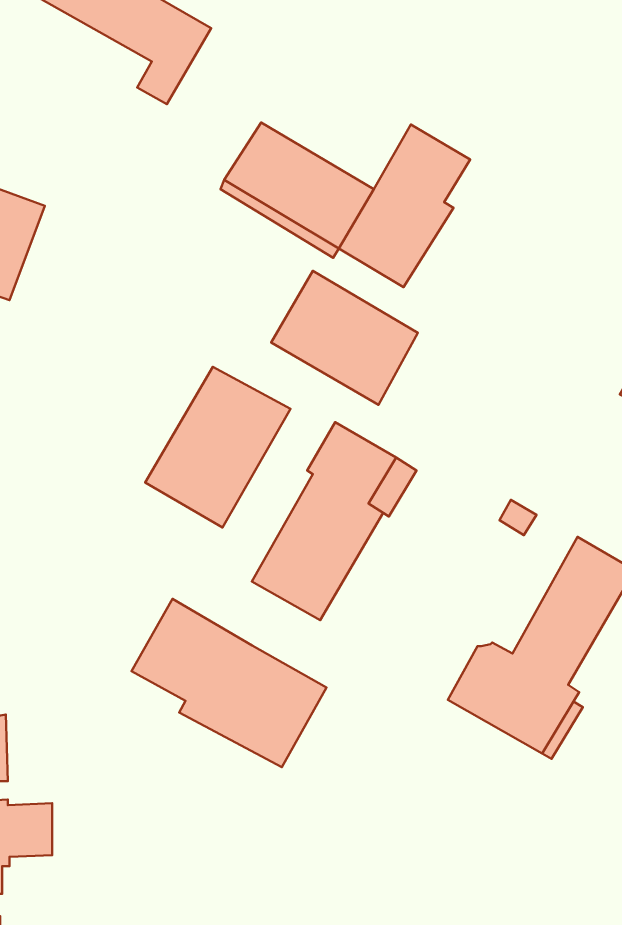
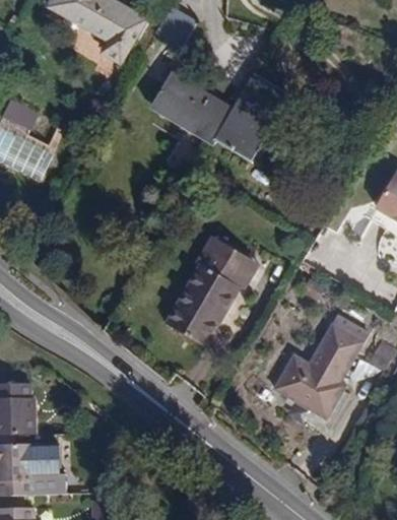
building: [271,271,418,405] -> none
building: [145,367,291,527] -> none
building: [131,599,326,767] -> none

